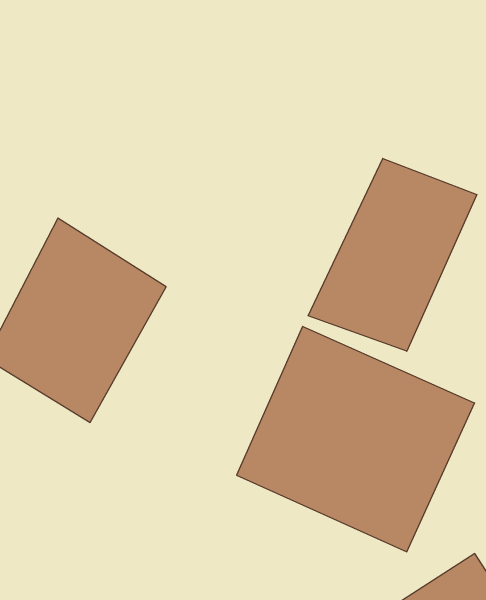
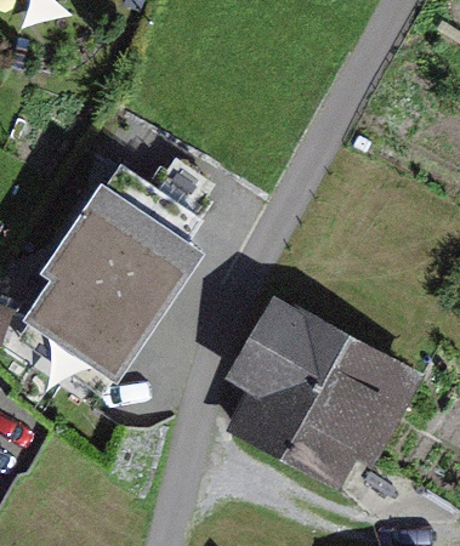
building: [308,158,477,351] -> none

